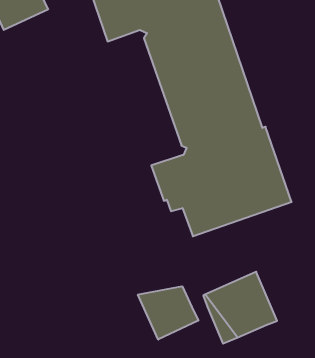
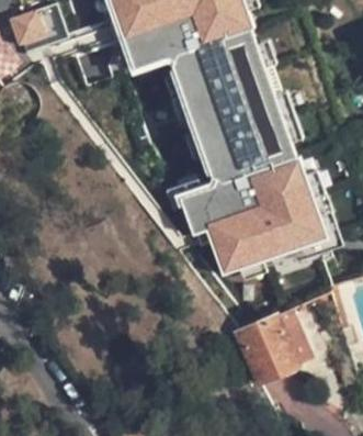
building: [138,286,198,340] -> none

